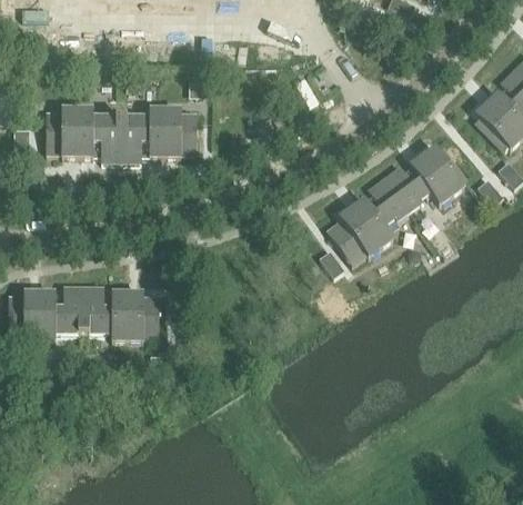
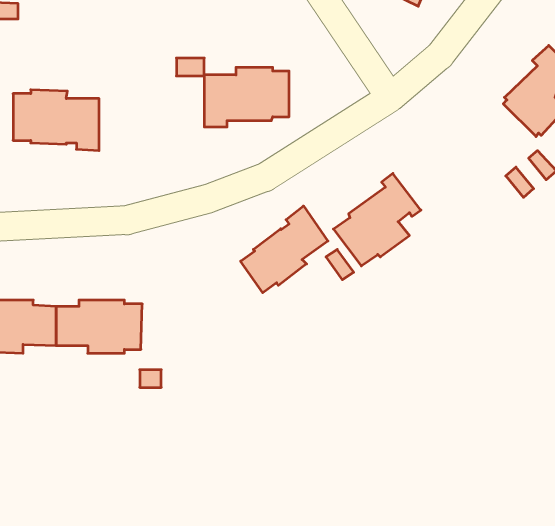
building: [122,108,197,160] -> [204,67,289,127]
building: [380,145,466,212] -> none
building: none -> [241,206,328,293]

